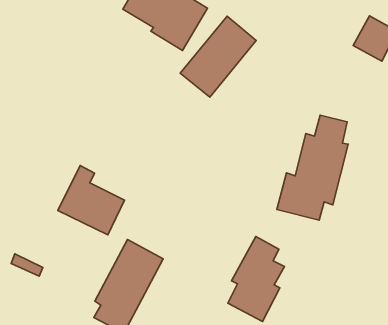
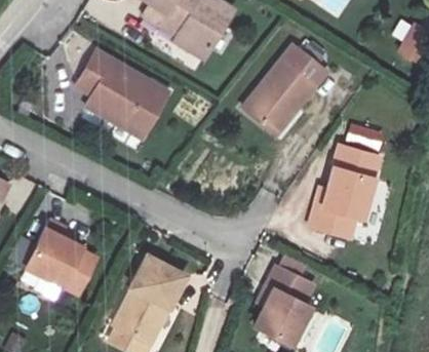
building: [180,16,256,97] -> [243,48,324,134]
building: none -> [79,52,168,136]
building: [58,165,124,235] -> [26,220,96,294]

